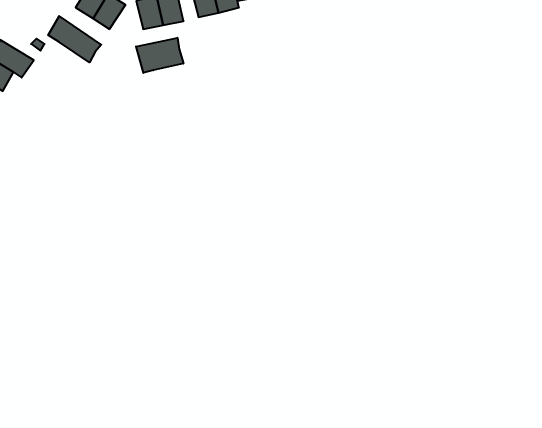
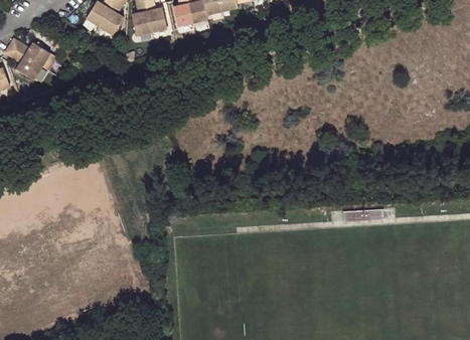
building: [48,16,101,62] -> none
building: [136,38,183,73] -> none

